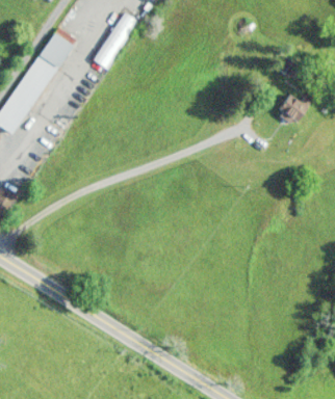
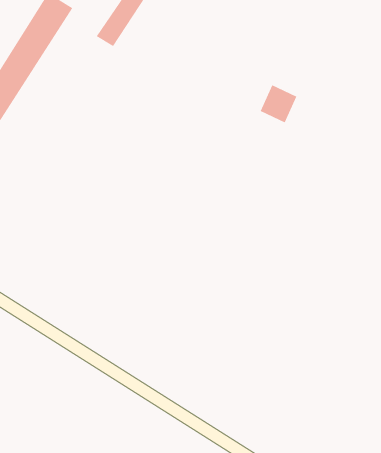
building: [278,95,307,125] -> [260,84,297,123]

